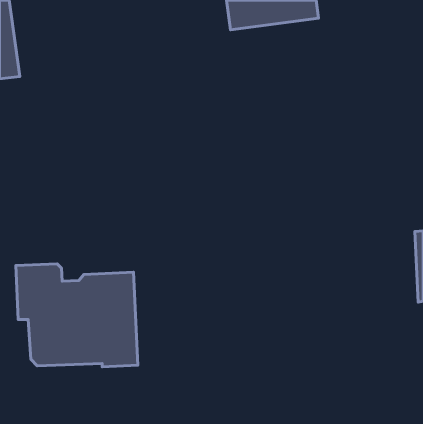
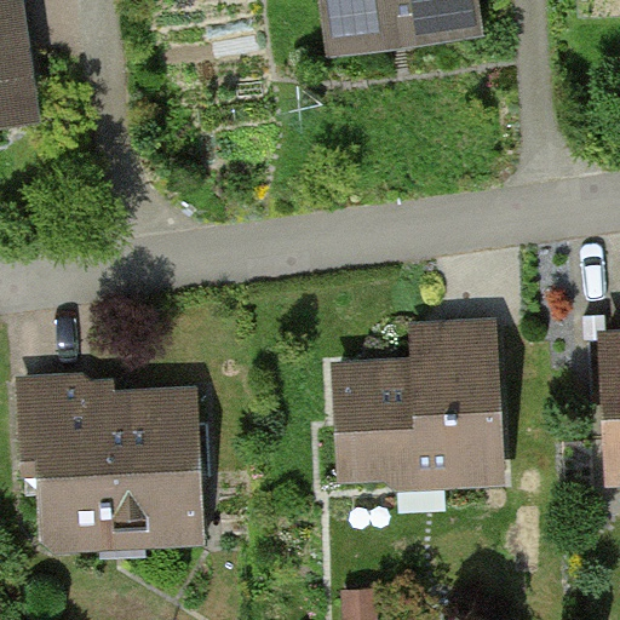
building: none -> [338,328,503,477]

